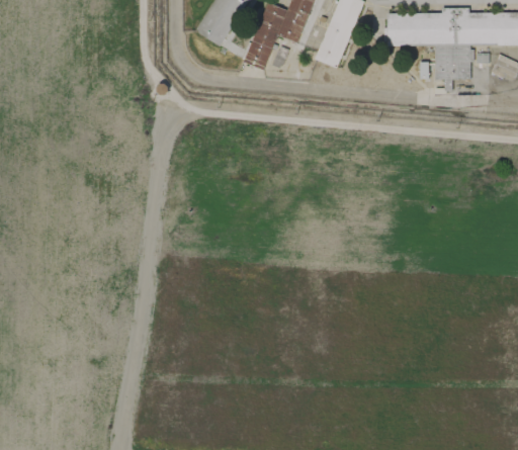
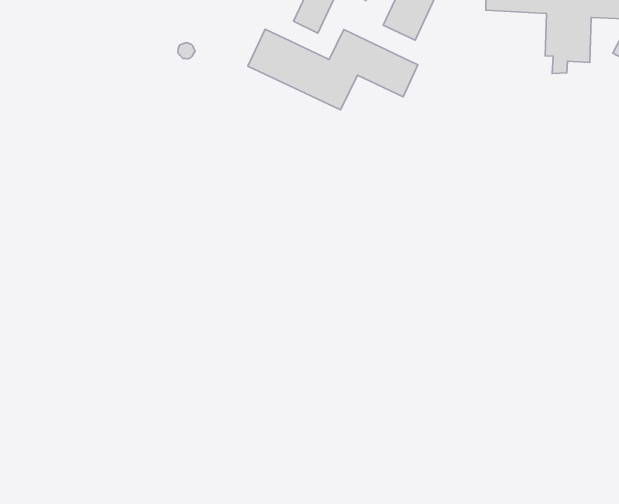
building: none -> [248,29,418,110]

